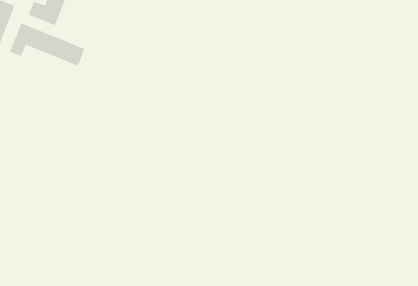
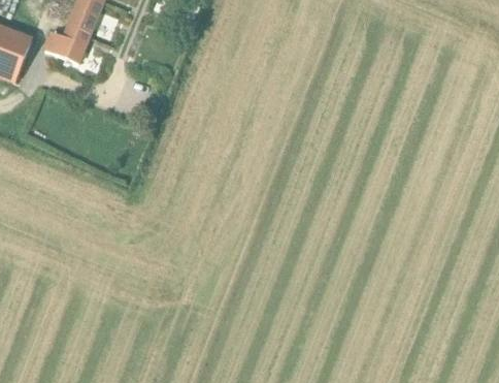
building: [9,22,85,67] -> none

